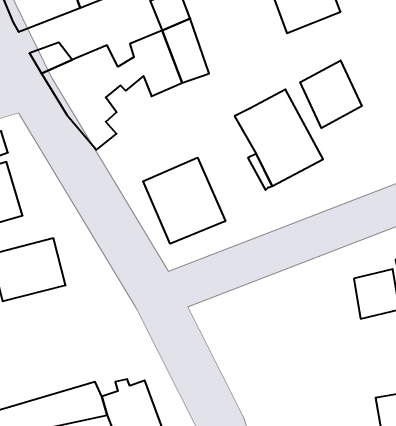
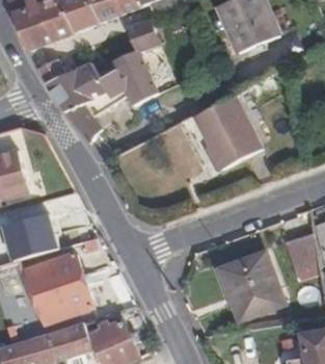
building: [300,60,362,128] -> none
building: [143,158,225,244] -> none
building: none -> [30,254,93,321]
building: none -> [227,259,288,320]

